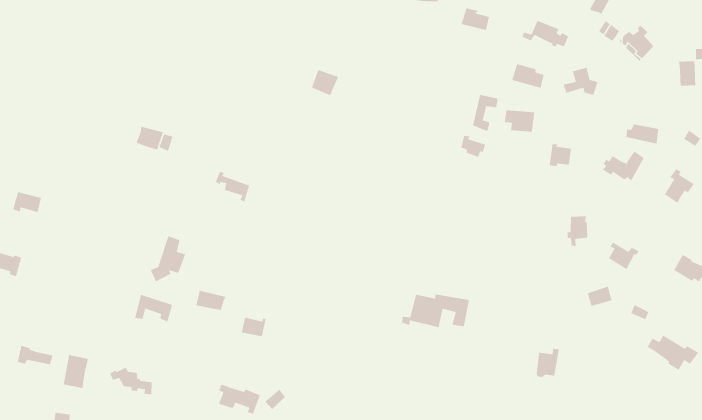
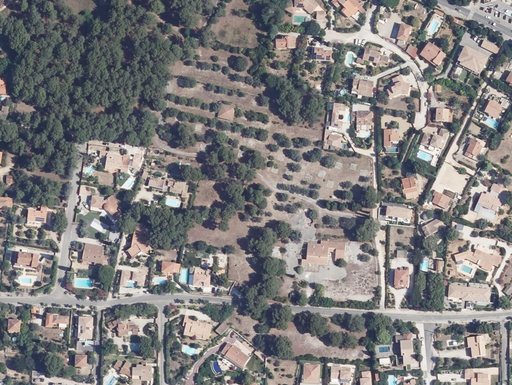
building: none -> [89,198,120,222]
building: none -> [83,245,104,267]
building: none -> [446,284,489,301]

